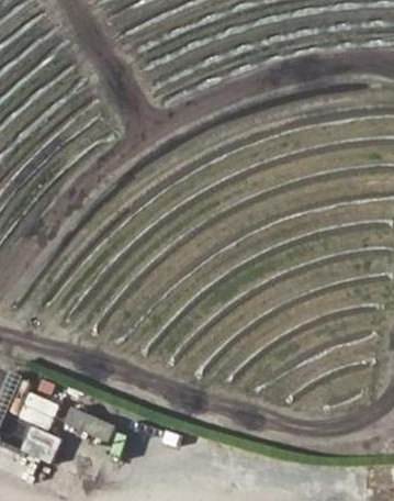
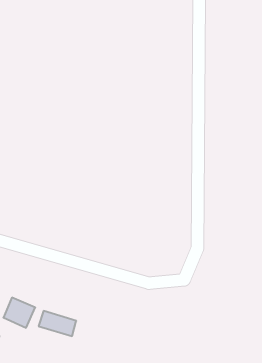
building: [18,425,60,466] -> none

